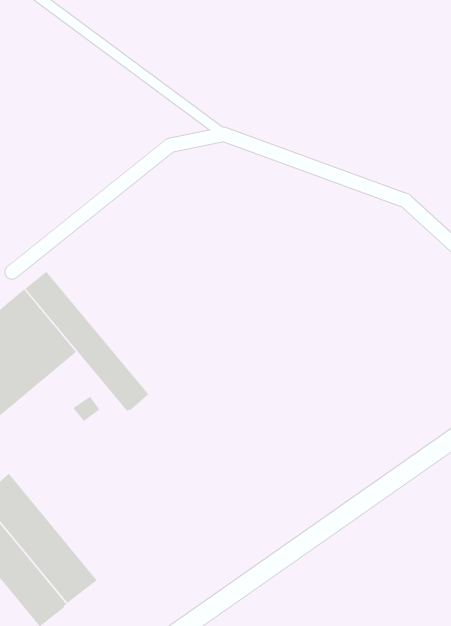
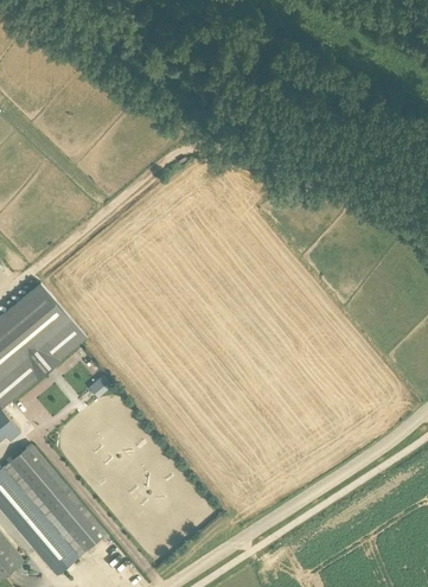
building: [24,271,149,412] -> none

